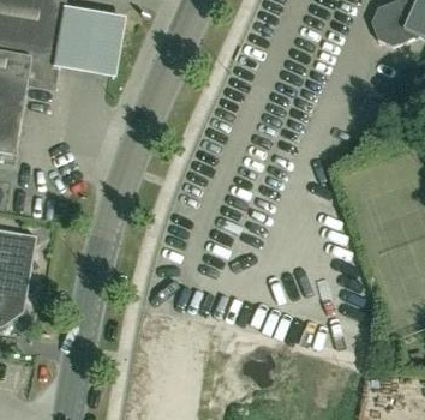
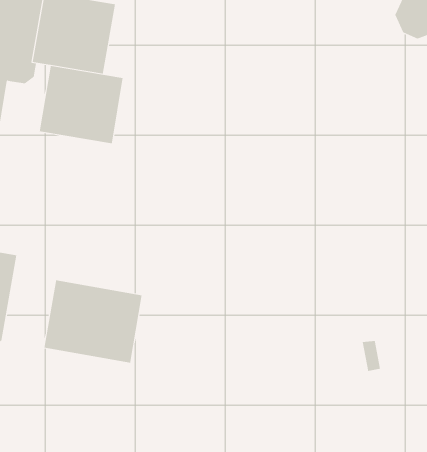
building: none -> [39,65,123,144]
building: none -> [44,279,142,364]

